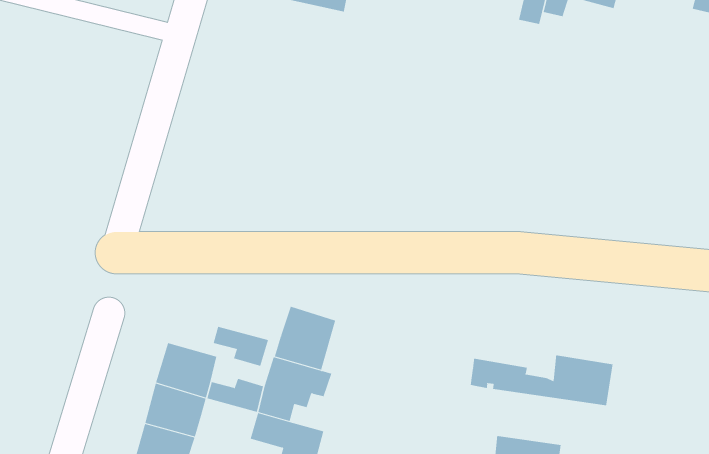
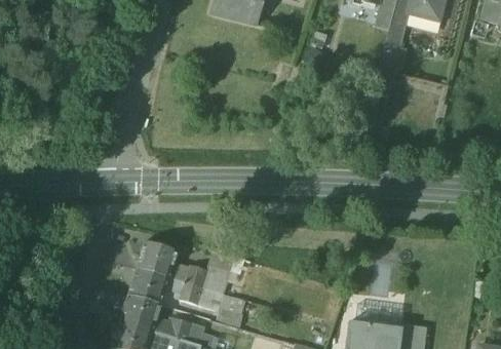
building: [274,306,336,371] -> none
building: [213,326,269,366] -> [164,279,201,306]
building: [470,355,613,406] -> none

